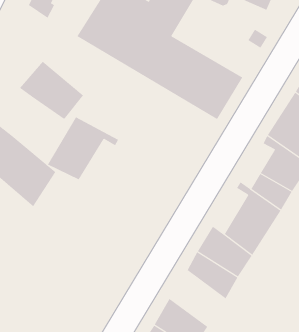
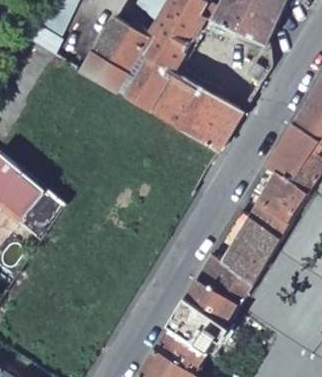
building: [19,61,84,120] -> none
building: [47,117,119,180] -> none
building: none -> [170,297,225,352]

